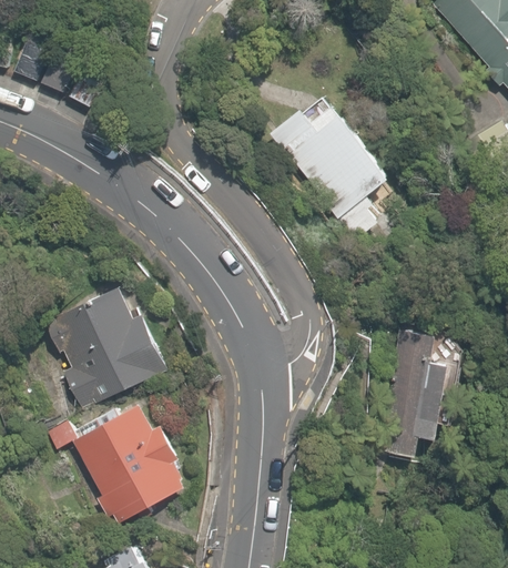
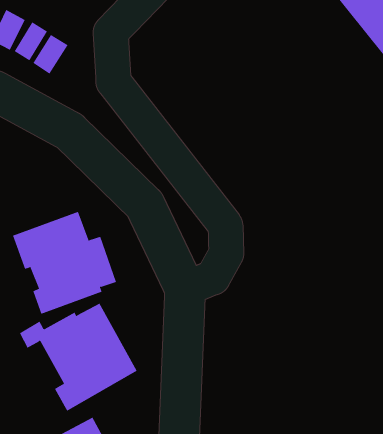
building: [268,91,393,241] -> none
building: [383,329,451,460] -> none

